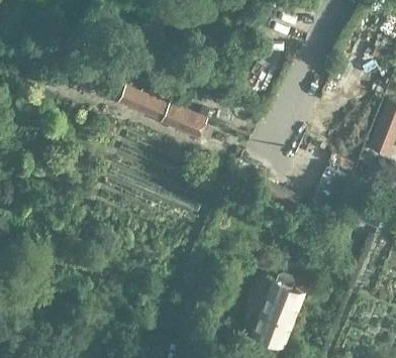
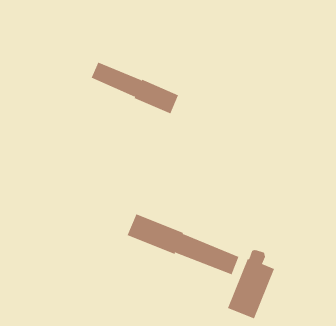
building: none -> [127,213,239,275]

